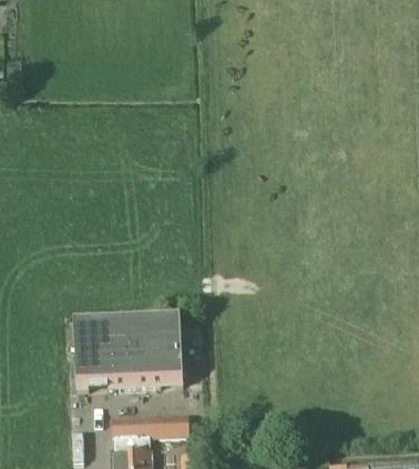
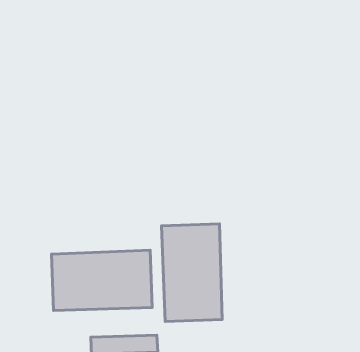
building: none -> [162,224,222,321]

